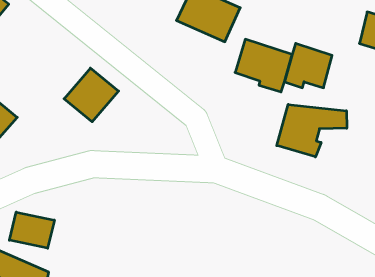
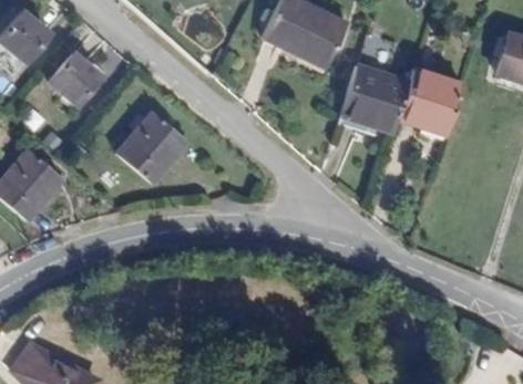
building: none -> [44,46,98,100]
building: [277,104,347,157] -> none
building: [9,212,54,248] -> none

